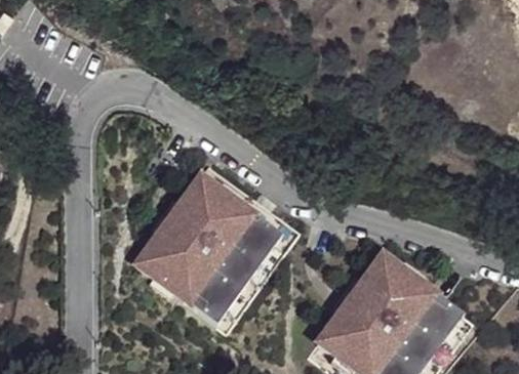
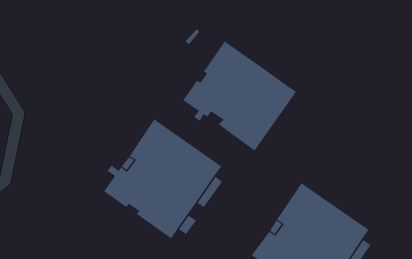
building: none -> [183,40,297,152]

